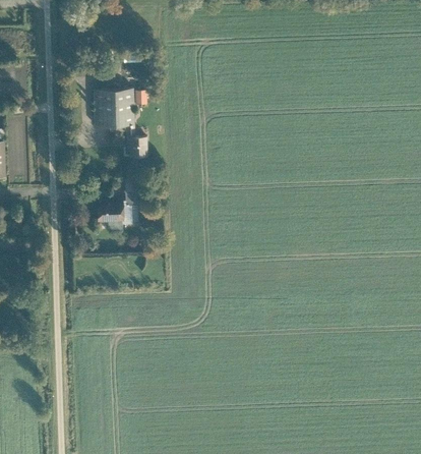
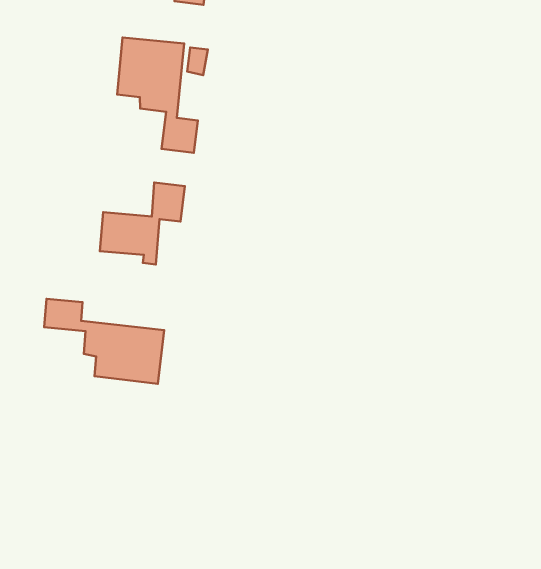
building: none -> [44,299,164,384]

